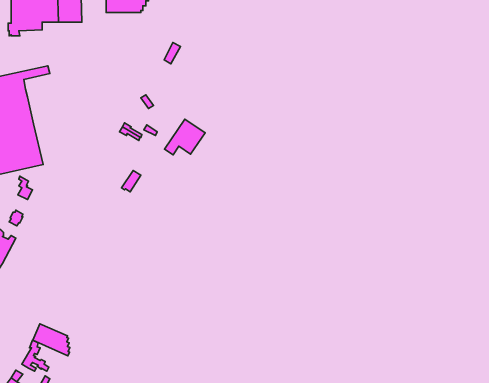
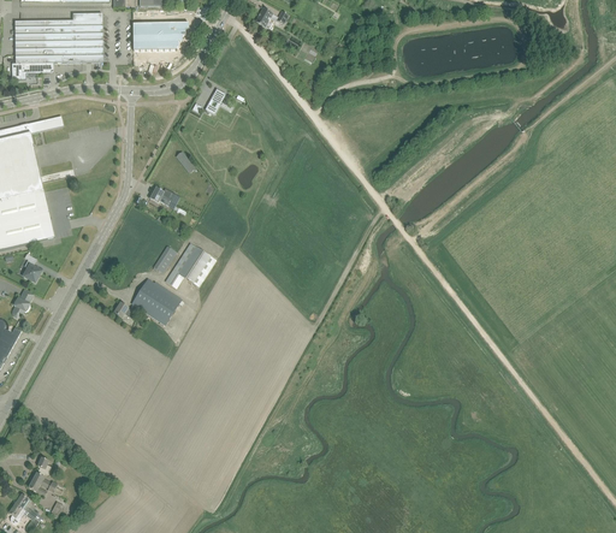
building: [164,119,205,155] -> [165,242,215,286]
building: none -> [113,277,183,322]
building: [33,324,70,356] -> none

